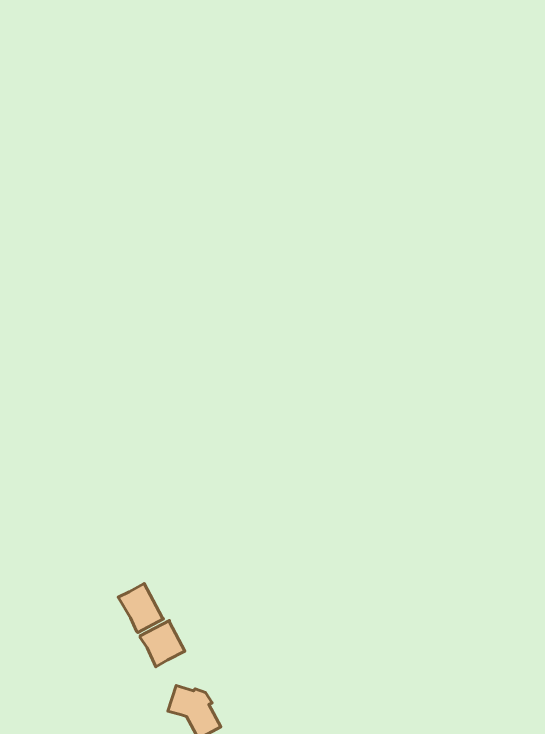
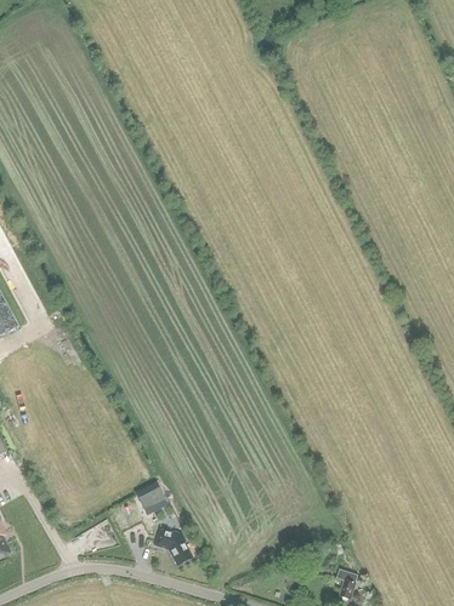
building: [118,583,164,632] -> none

